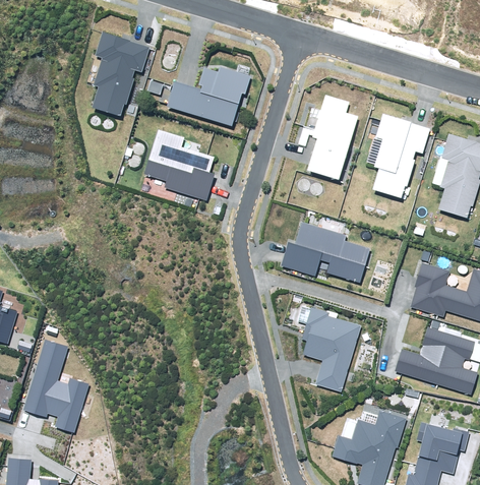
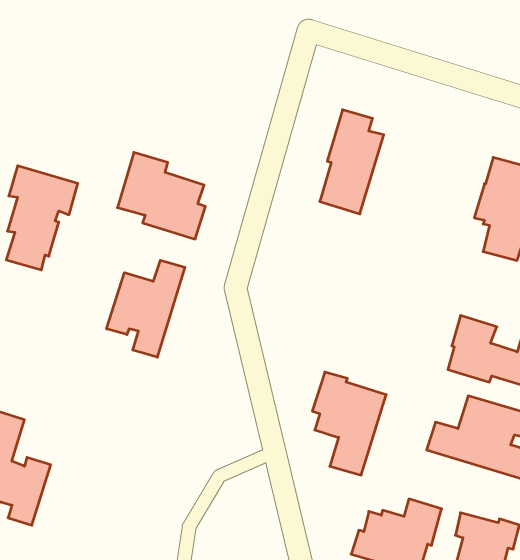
building: [92,33,149,117] -> [6,166,78,270]
building: [166,67,251,126] -> none
building: [372,115,430,197] -> none
building: none -> [107,260,185,357]
building: [281,222,371,284] -> none

